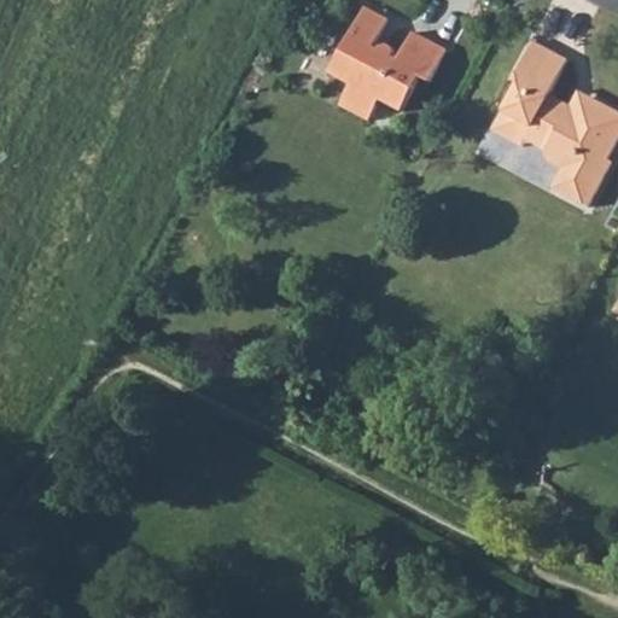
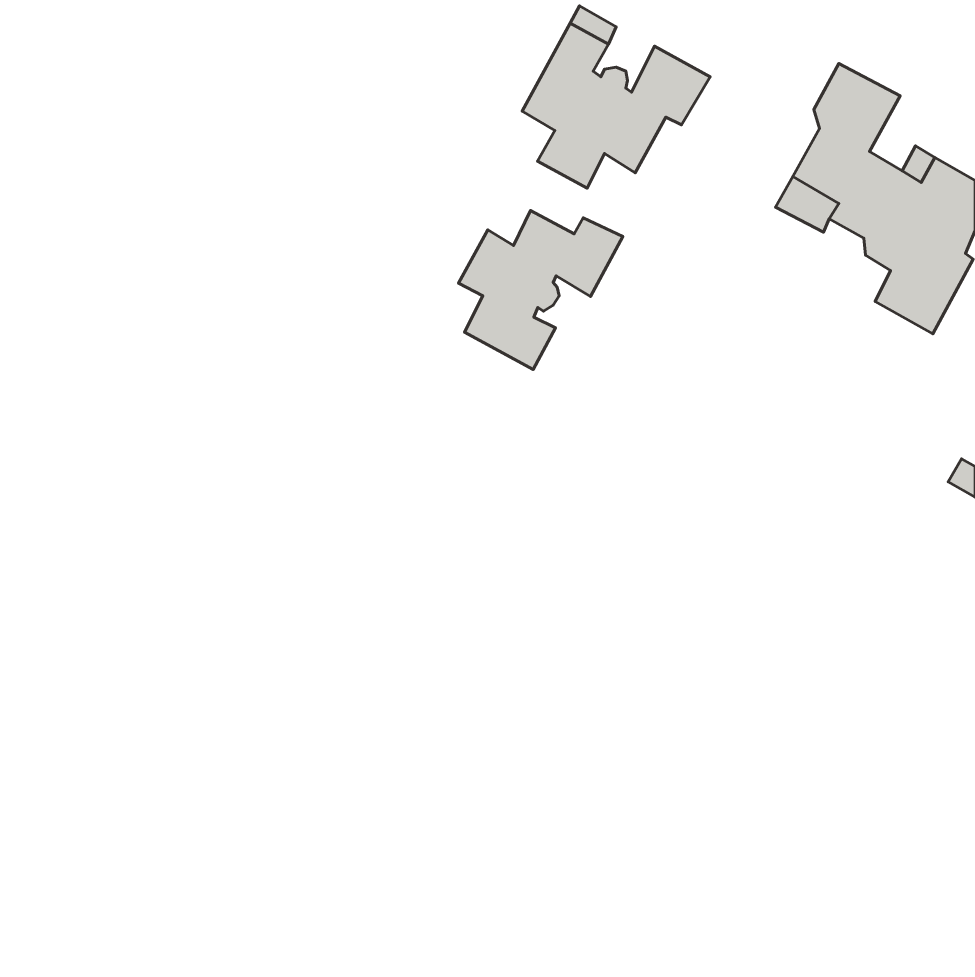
building: none -> [459,211,623,369]

